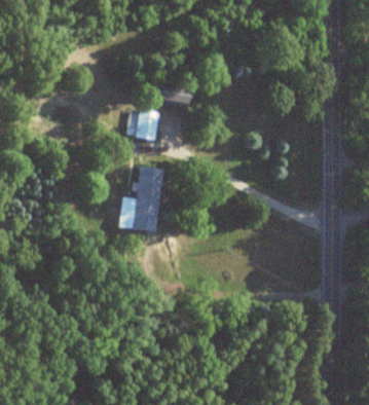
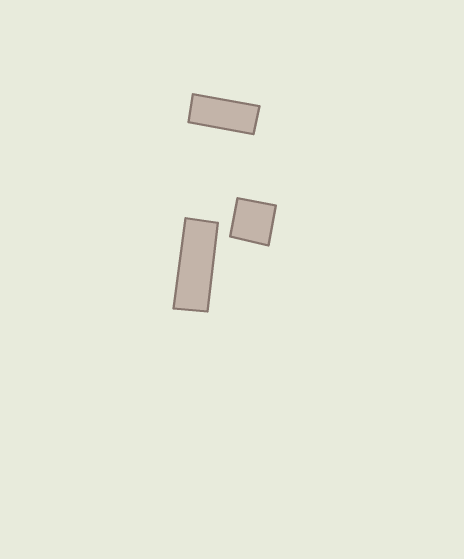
building: [127,108,159,141] -> [230,198,276,246]

